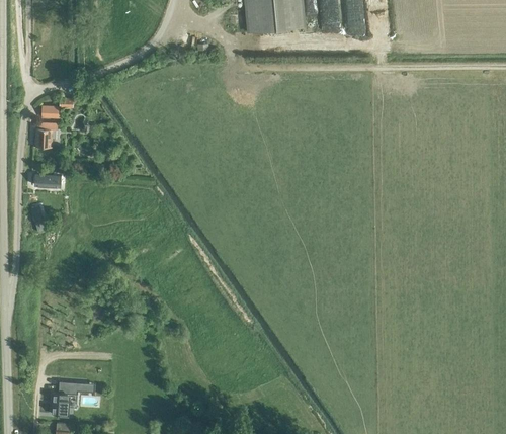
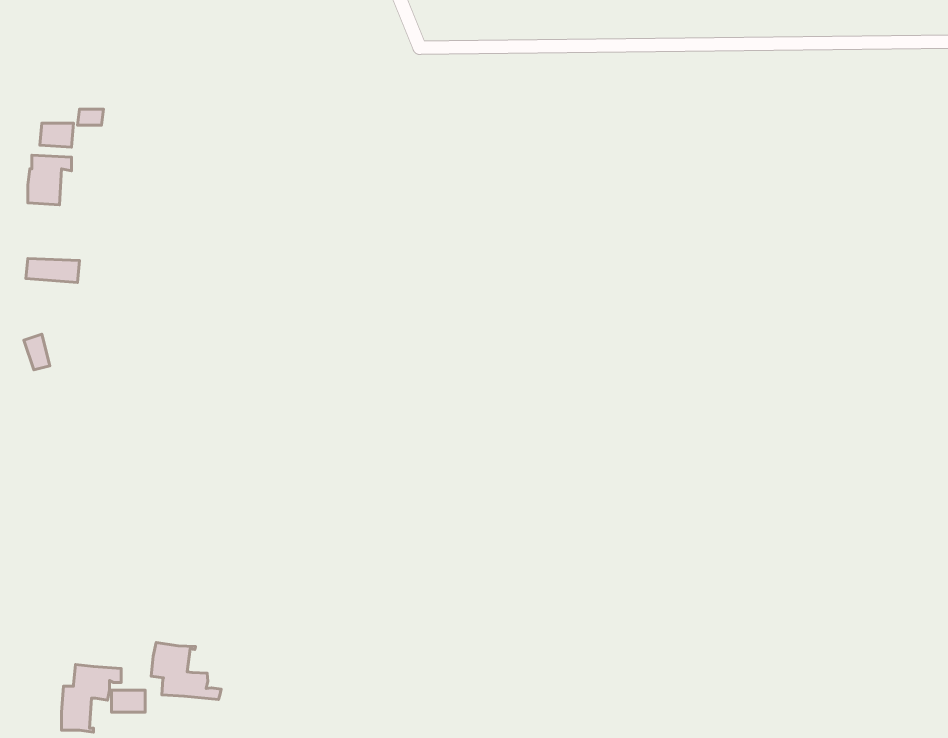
building: none -> [151,643,221,700]

